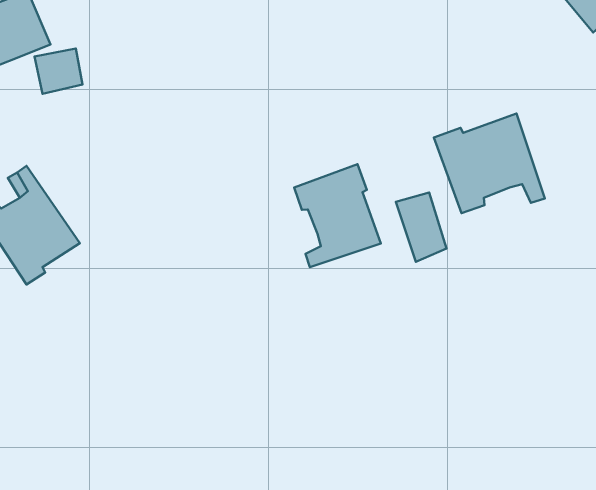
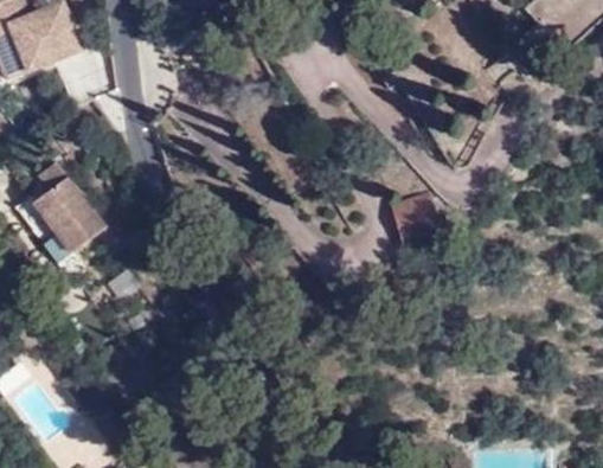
building: [434,114,545,213] -> none
building: [294,164,381,267] -> none

